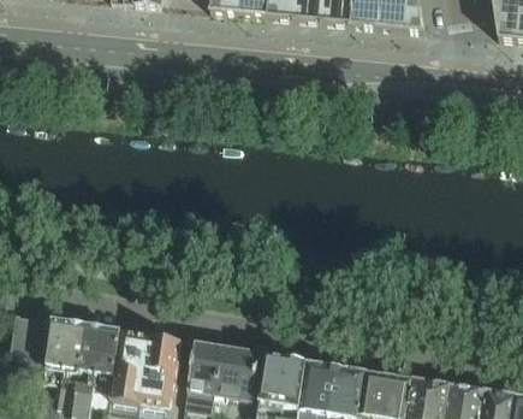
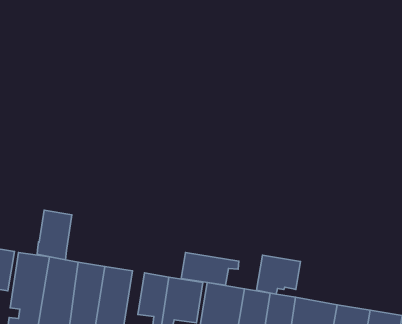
building: none -> [37,210,72,260]
building: none -> [181,253,239,285]
building: none -> [256,255,300,294]

